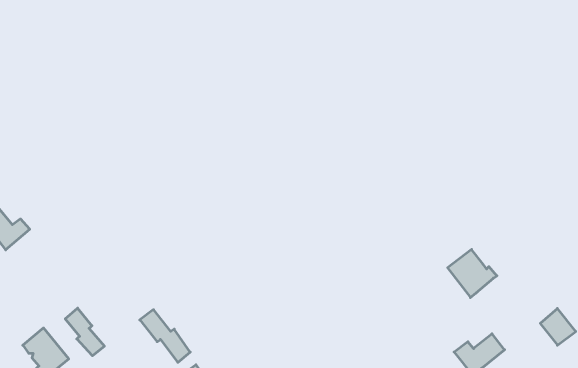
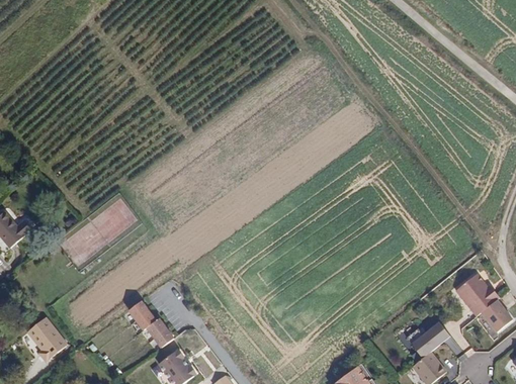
building: [448,249,497,298] -> [456,274,500,316]
building: [65,308,104,356] -> none

